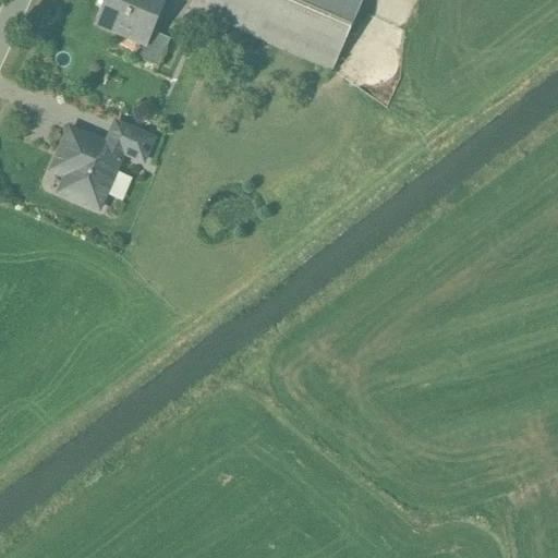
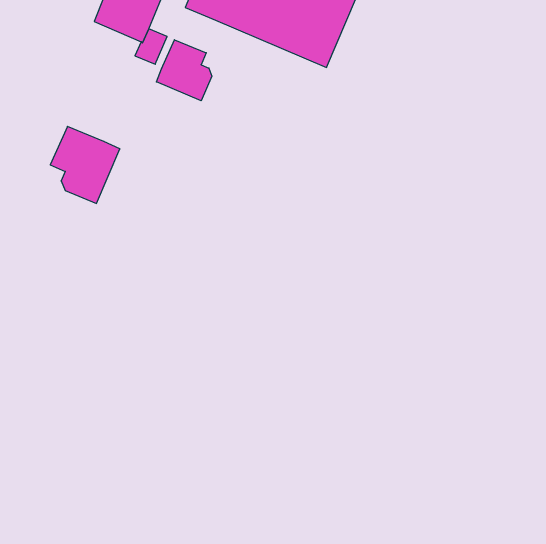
building: none -> [156,40,212,101]
building: [107,123,153,160] -> none

